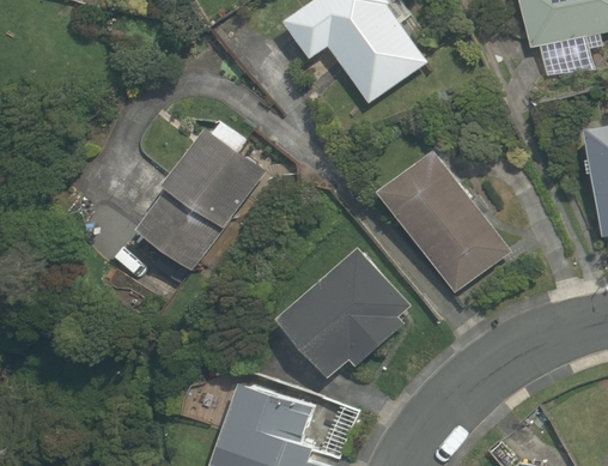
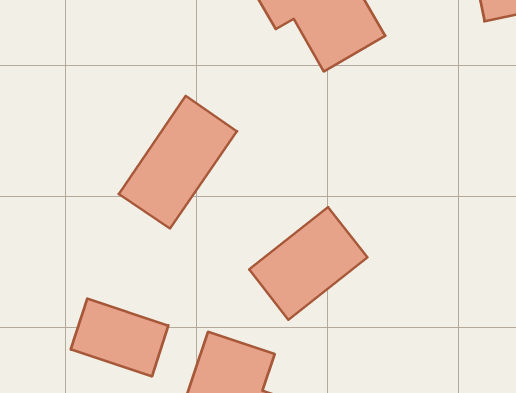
building: [379,151,511,295] -> none
building: none -> [71,299,168,376]

